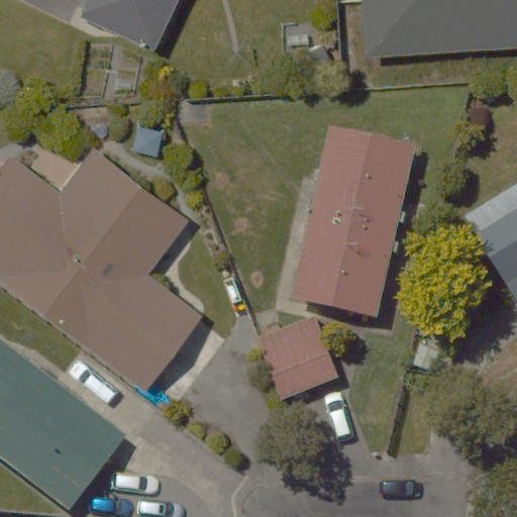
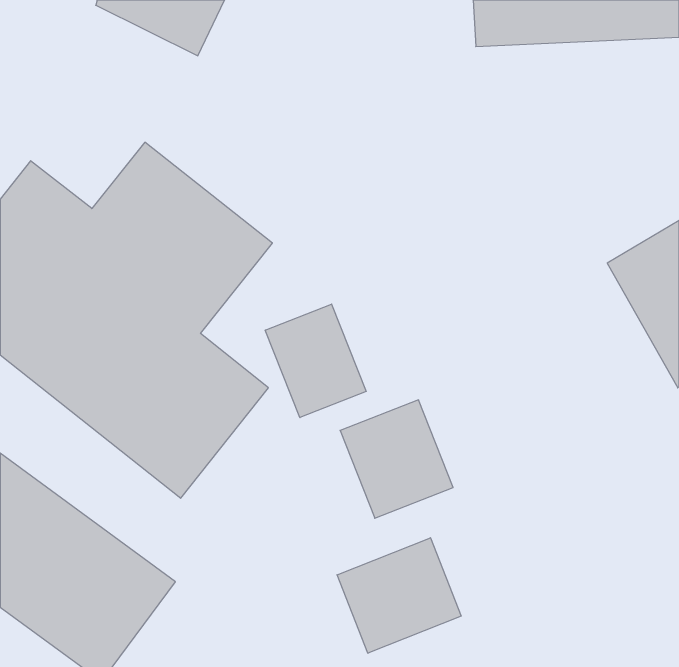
building: [286,126,419,317] -> none
building: none -> [265,304,366,418]
building: none -> [337,538,461,653]

